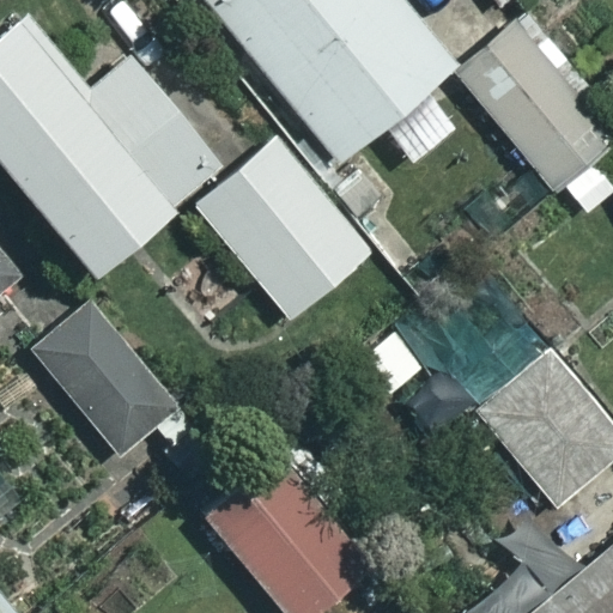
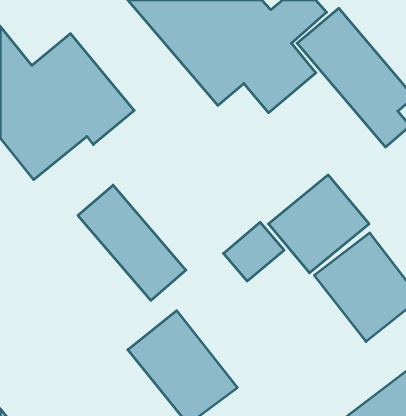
building: [193,136,372,317] -> none
building: [36,309,194,478] -> [78,185,186,300]

